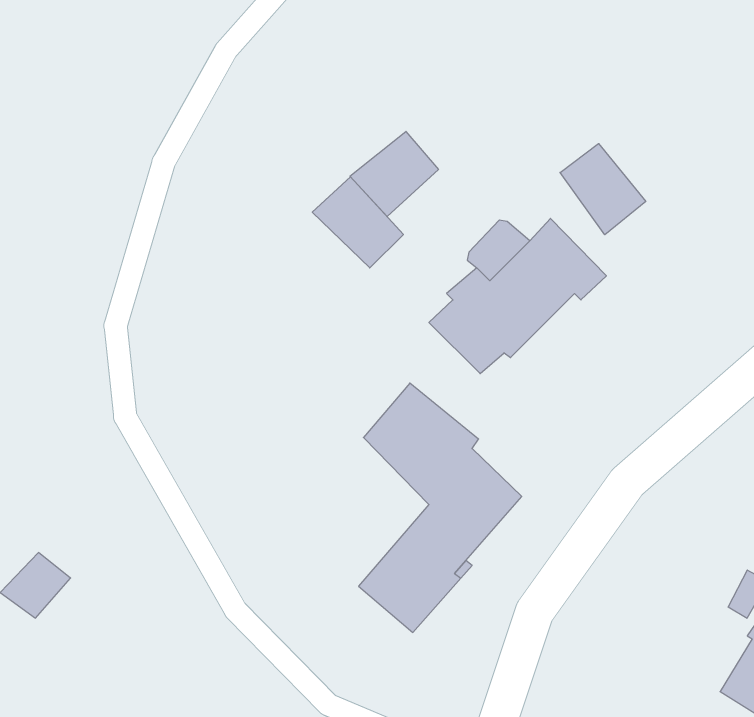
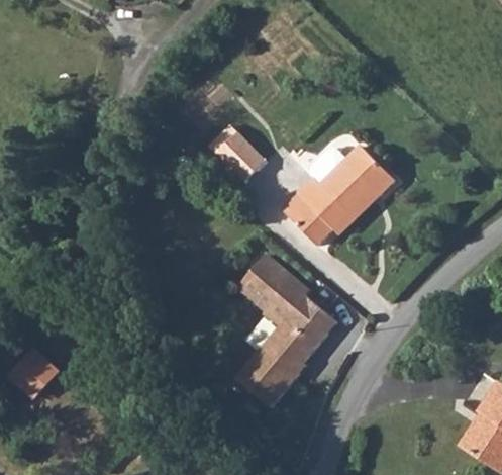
building: [350,131,438,217] -> none
building: [560,144,646,235] -> none

